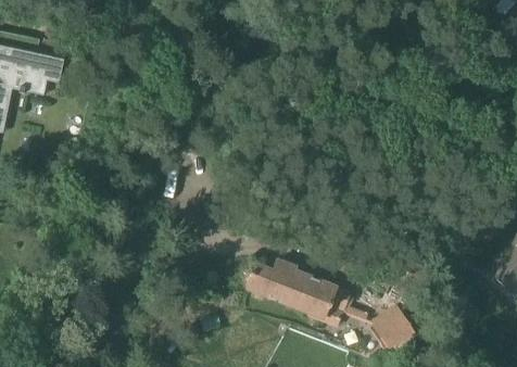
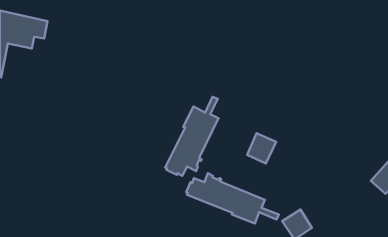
building: none -> [165,97,219,176]
building: none -> [247,133,276,163]

